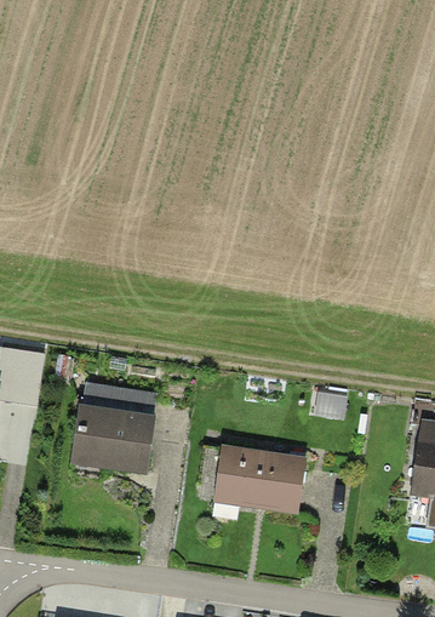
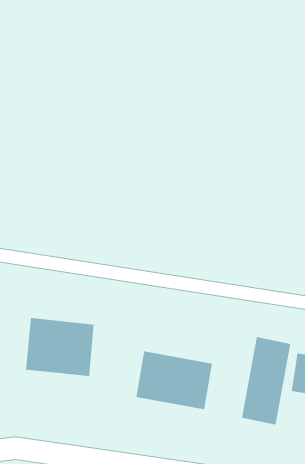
building: none -> [241,336,291,425]

